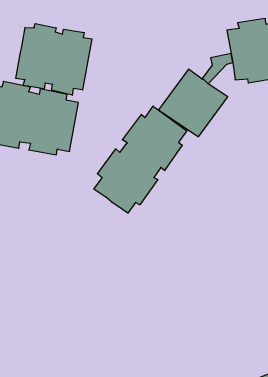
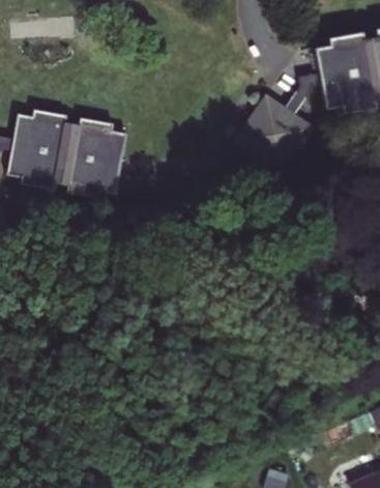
building: [16,24,92,95] -> none
building: [94,106,187,213] -> none

